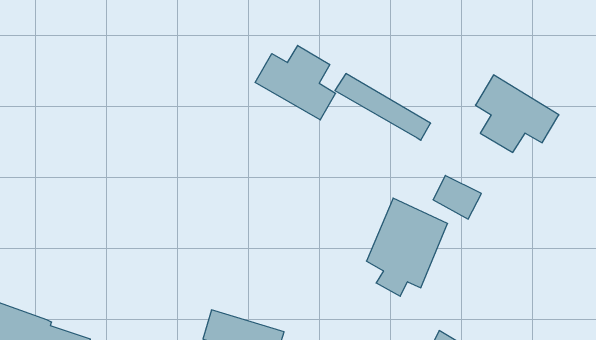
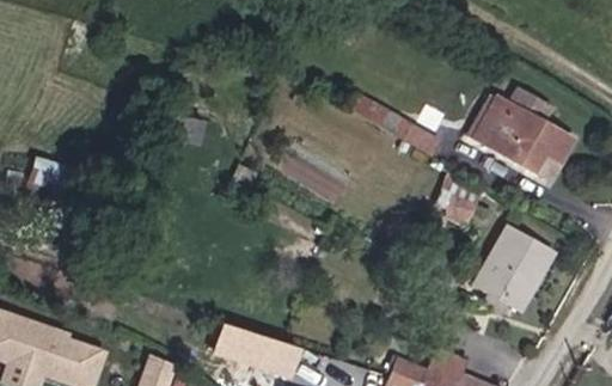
building: [255,45,336,120] -> none
building: [366,198,448,296] -> [478,220,558,317]

